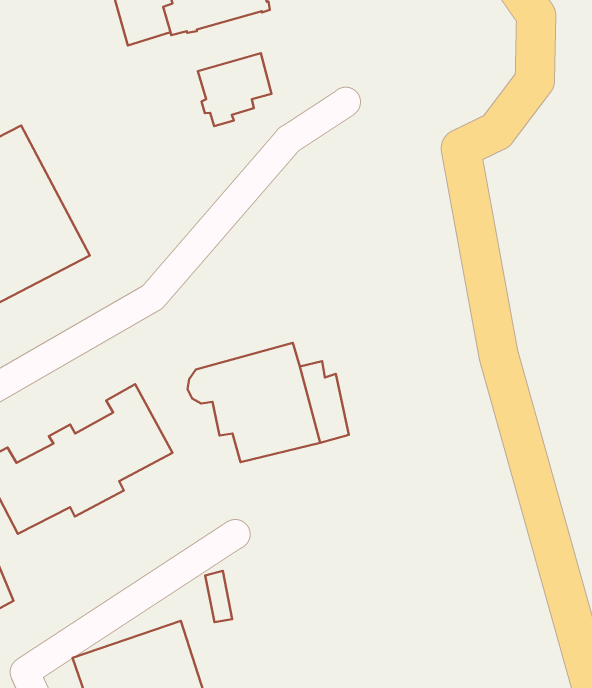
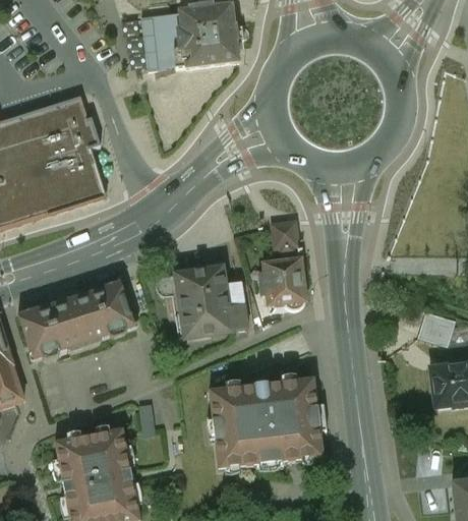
building: [198,53,272,126] -> none
building: none -> [271,218,299,251]
building: none -> [259,258,302,307]
building: none -> [208,378,323,466]

